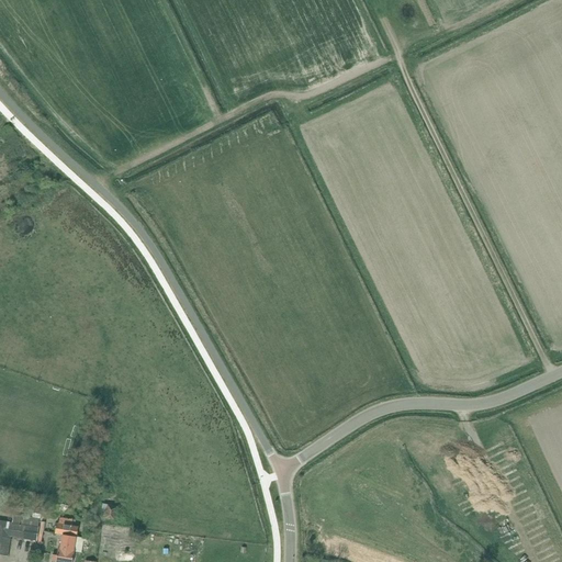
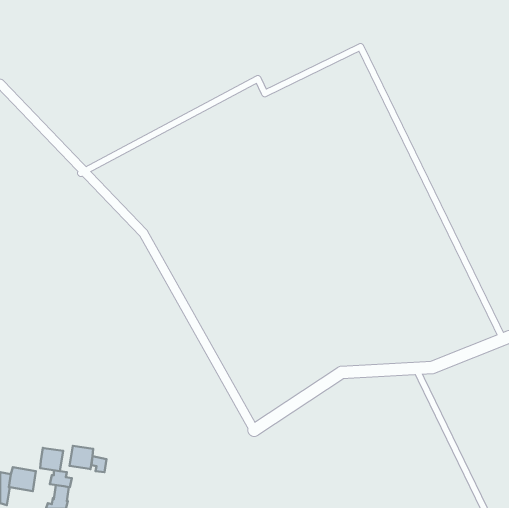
building: none -> [69,446,93,469]
building: none -> [40,448,63,471]

